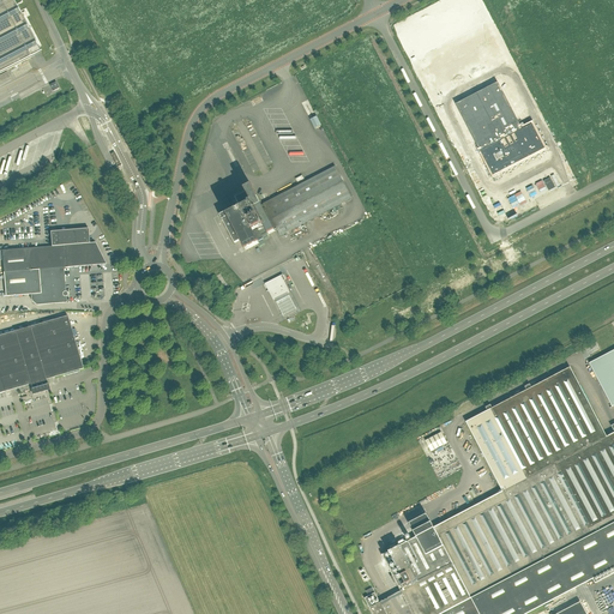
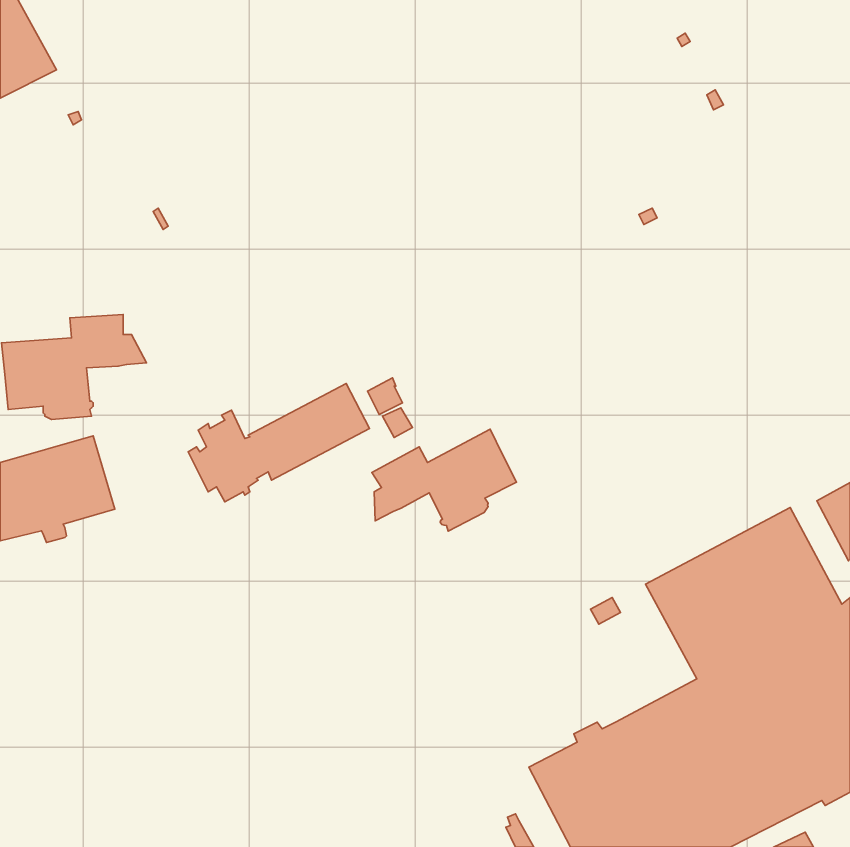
building: [456,80,544,171] -> none
building: [221,164,351,249] -> [188,384,370,502]
building: none -> [372,429,517,531]

